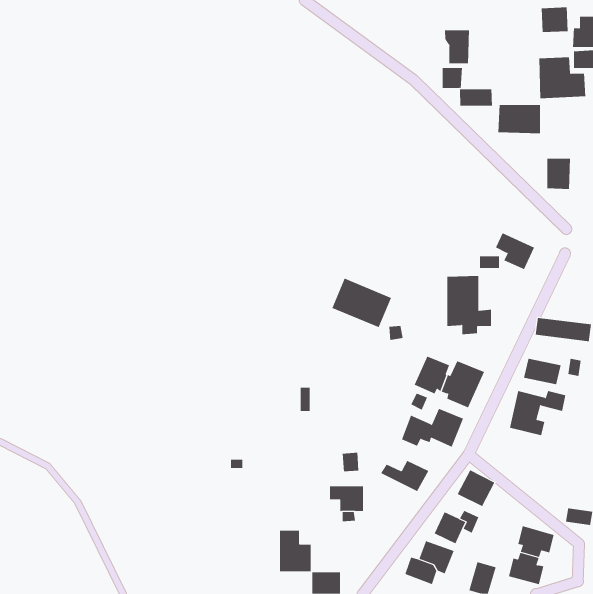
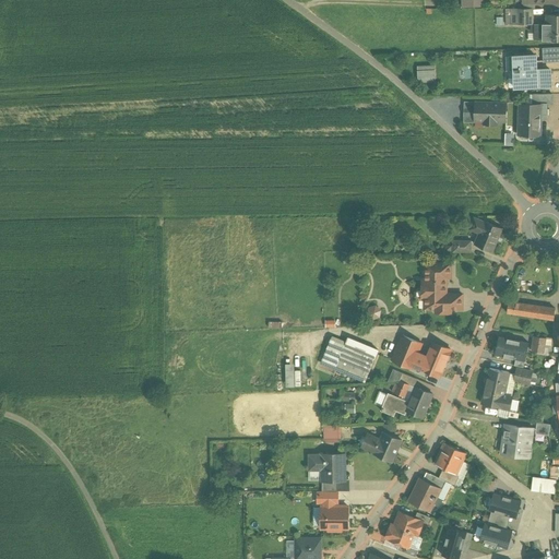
building: [445,29,470,64] -> none
building: [459,88,492,107] -> none
building: [547,158,571,190] -> [516,107,539,136]
building: [331,278,392,328] -> [320,336,377,383]
building: none -> [499,426,534,459]
building: [279,530,312,572] -> [320,493,350,533]

